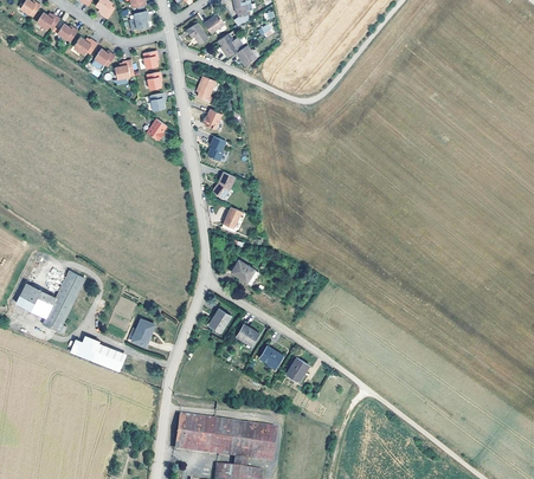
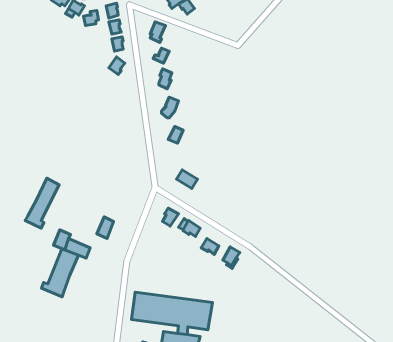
building: [15,283,56,318] -> none
building: none -> [41,249,79,297]

